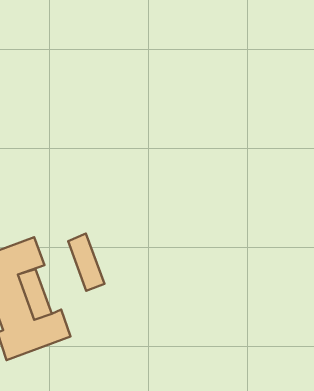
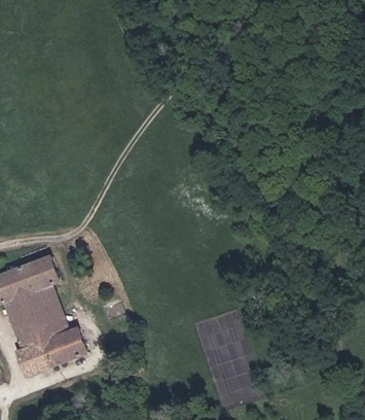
building: [68,233,105,291] -> none

